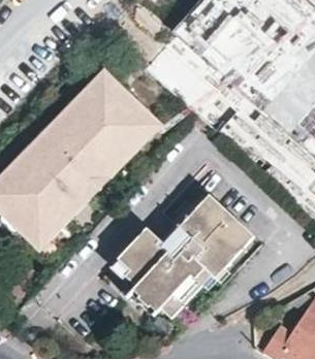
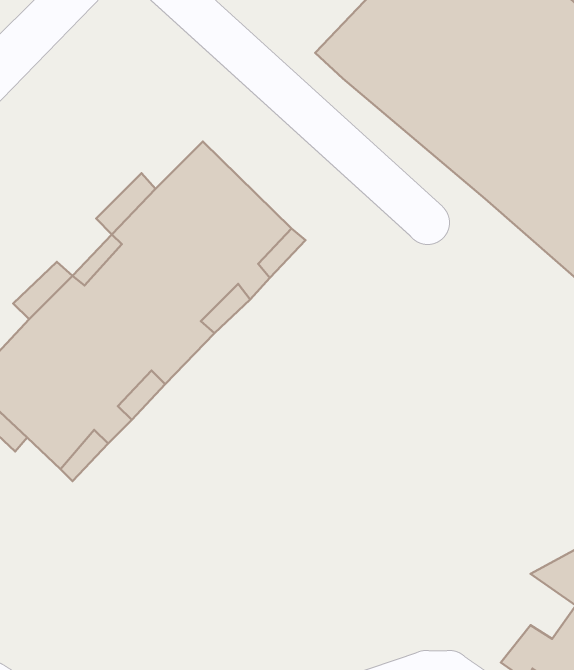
building: [119,193,256,318] -> none

